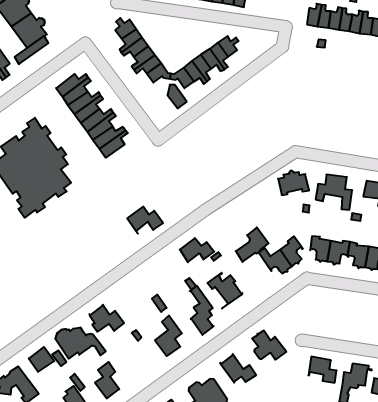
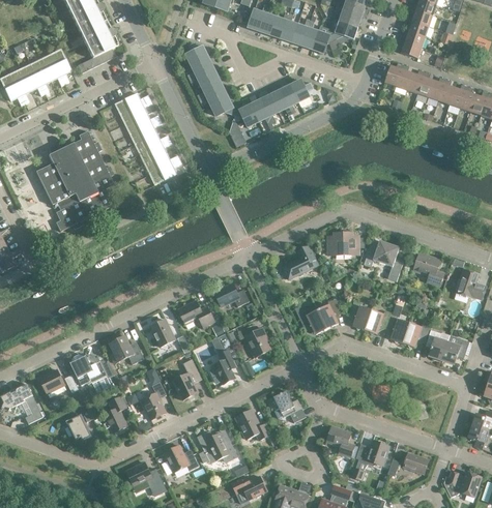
building: [127,207,163,234] -> [177,300,213,327]
building: [236,227,269,262] -> [282,245,317,278]
building: none -> [149,319,174,347]
building: none -> [140,382,166,420]

